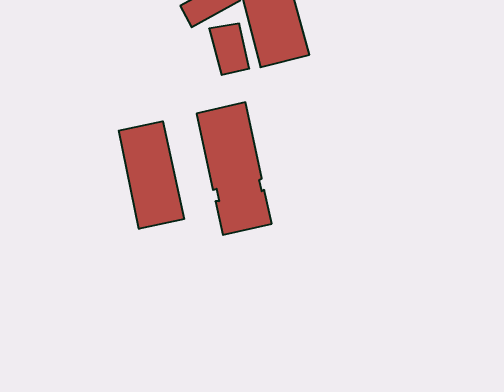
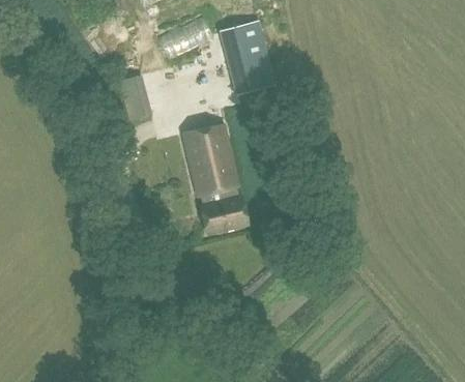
building: [209,24,249,75] -> [117,76,150,118]
building: [119,121,184,229] -> none

